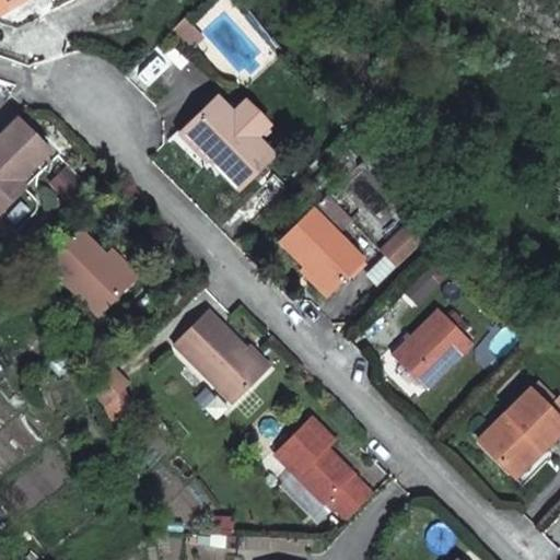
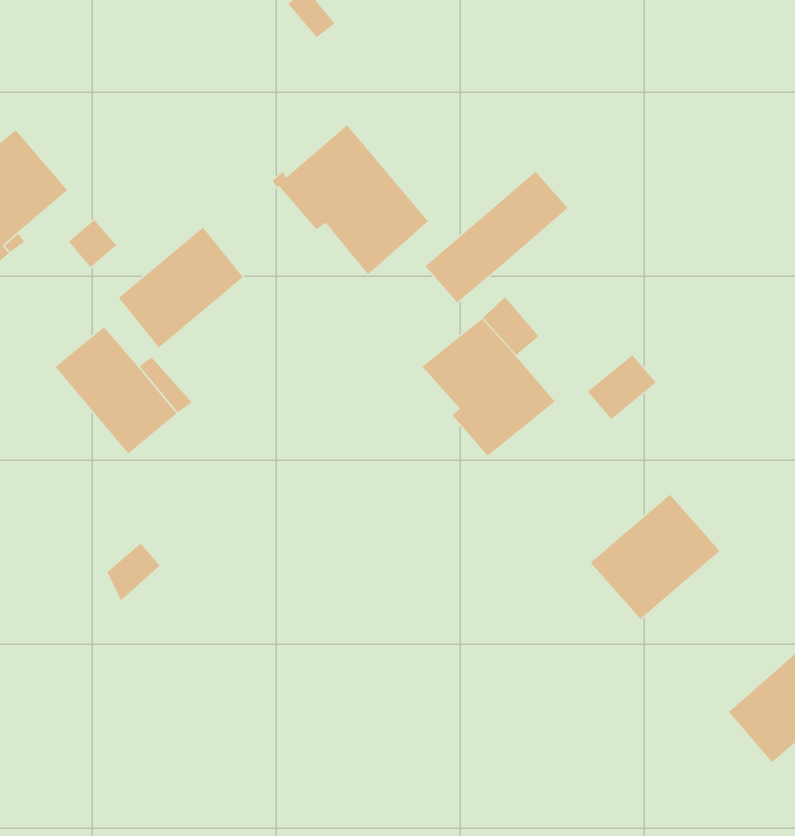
building: none -> [424,171,568,303]
building: none -> [118,226,244,349]
building: [177,310,265,400] -> none
building: [277,412,375,514] -> none

